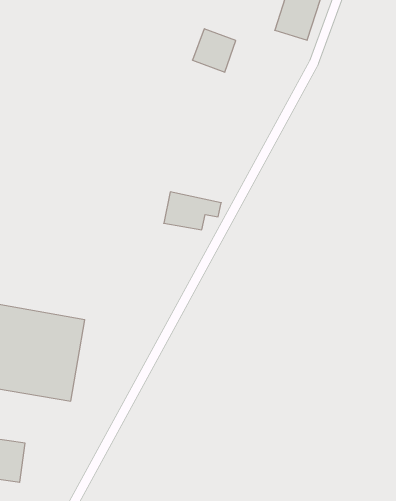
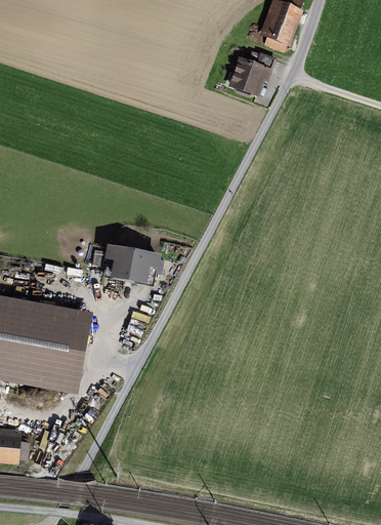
building: [192,29,236,72] -> [231,56,272,97]
building: [164,192,221,230] -> [104,247,159,283]

